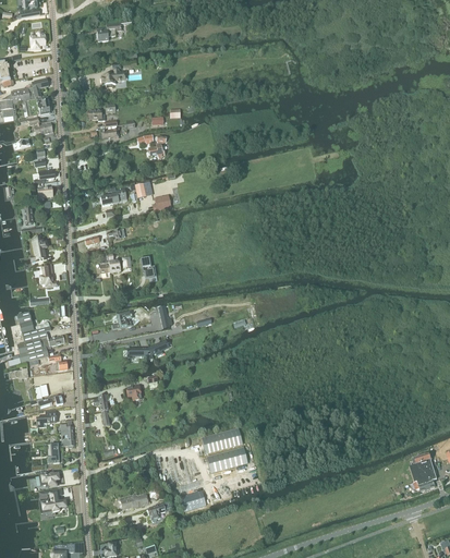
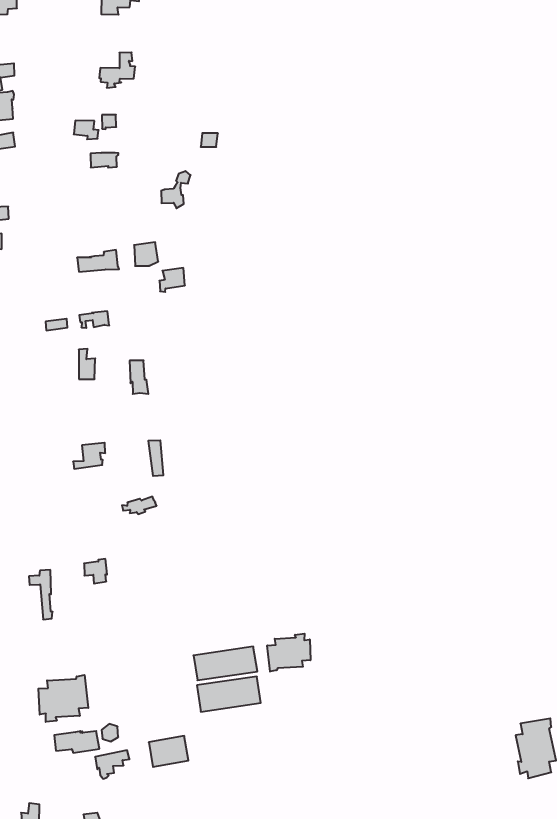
building: none -> [267,634,310,672]
building: none -> [38,675,88,722]

